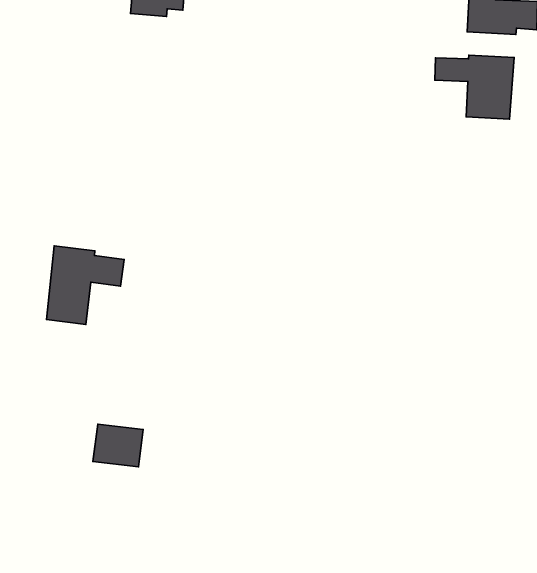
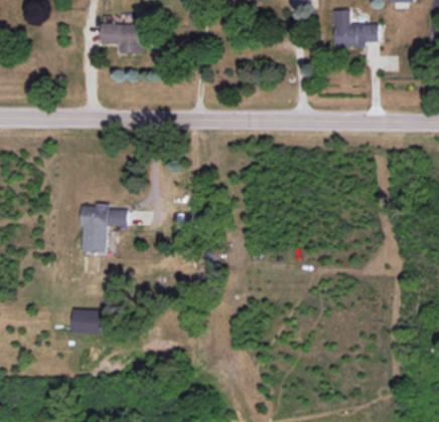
building: [435,55,514,119] -> none
building: [93,424,143,467] -> [71,309,102,335]

